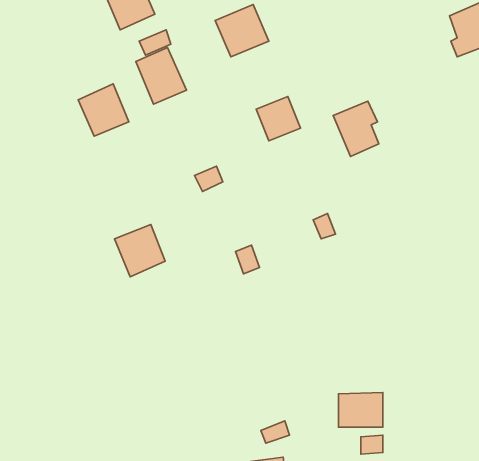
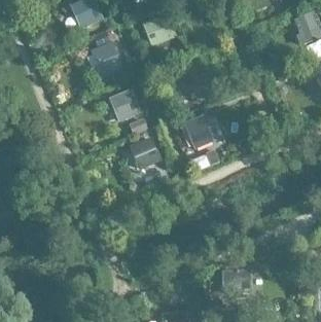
building: [78,84,129,136] -> [109,87,142,121]
building: [333,101,379,157] -> [184,113,214,149]
building: [114,225,165,277] -> [129,136,162,170]

